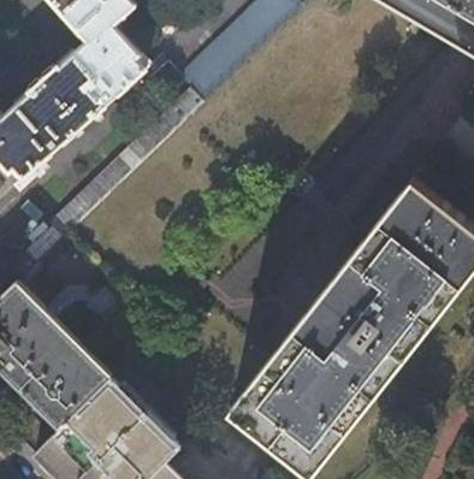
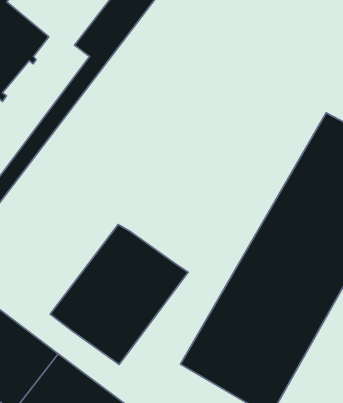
building: none -> [50,225,188,365]

